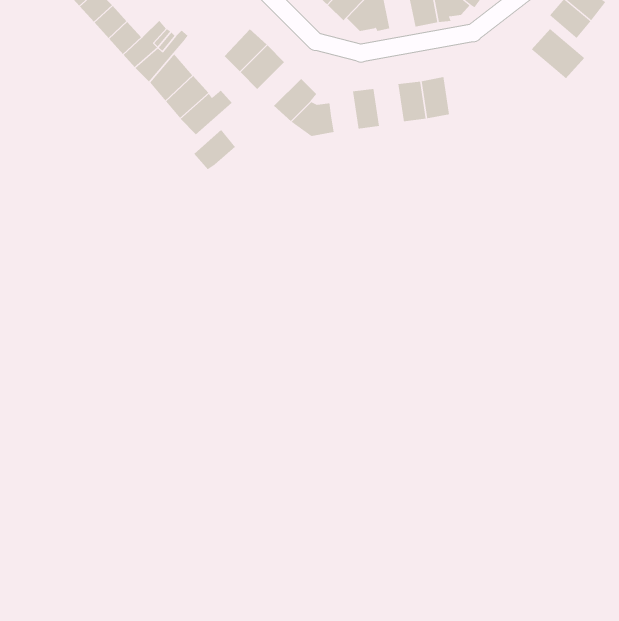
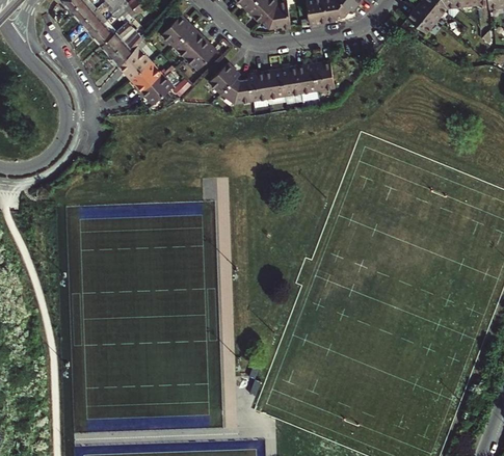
building: none -> [160,15,191,47]
building: [531,28,585,79] -> none
building: none -> [280,66,300,97]
building: none -> [247,72,268,101]
building: [193,129,236,170] -> none

